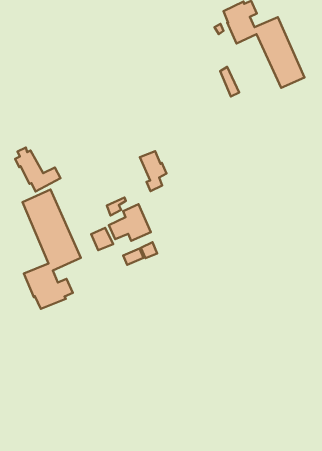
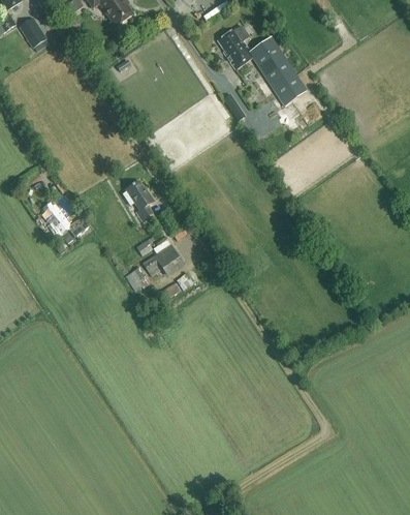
building: [140,151,166,191] -> [125,180,153,219]
building: [23,190,81,309] -> none

